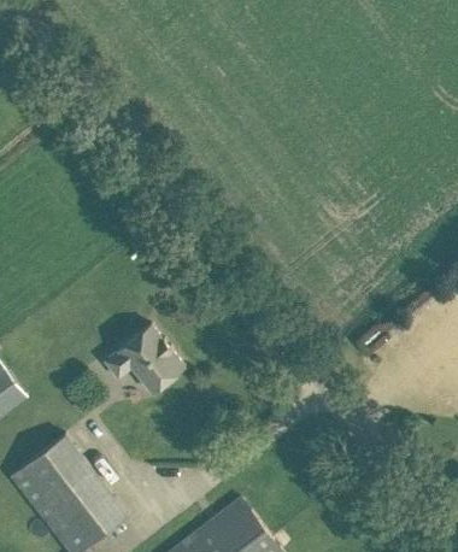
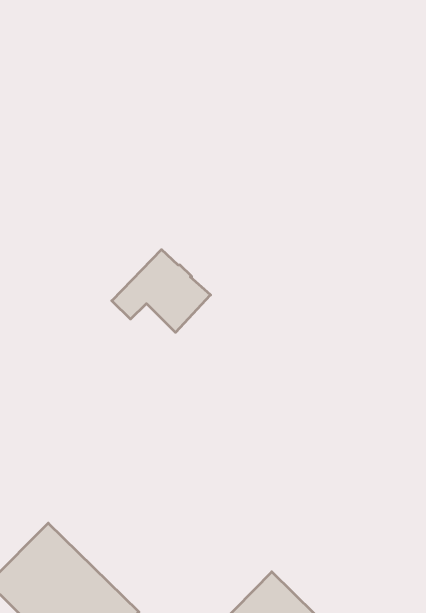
building: [105,324,186,393] -> [112,250,211,332]

